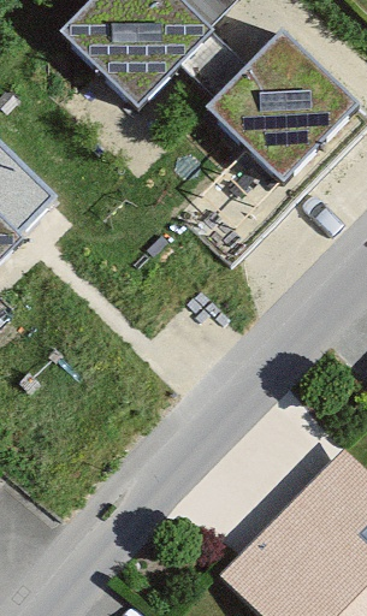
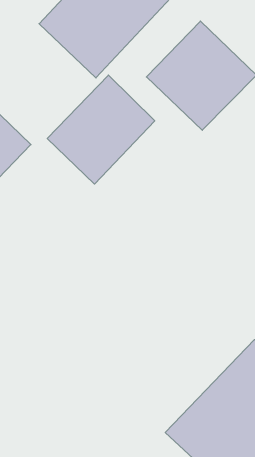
building: none -> [47,75,155,184]

